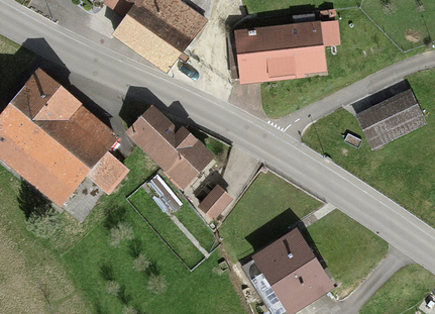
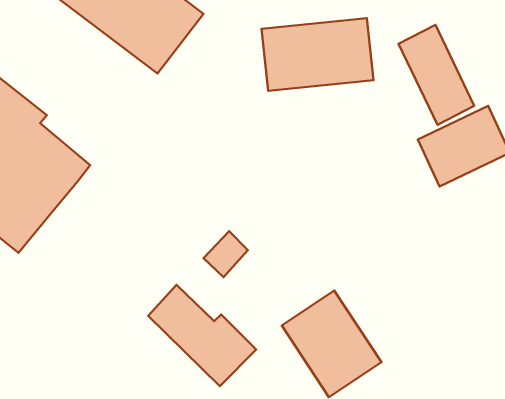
building: none -> [399,25,474,125]
building: [126,108,207,184] -> [148,285,256,386]
building: [83,146,128,191] -> none

